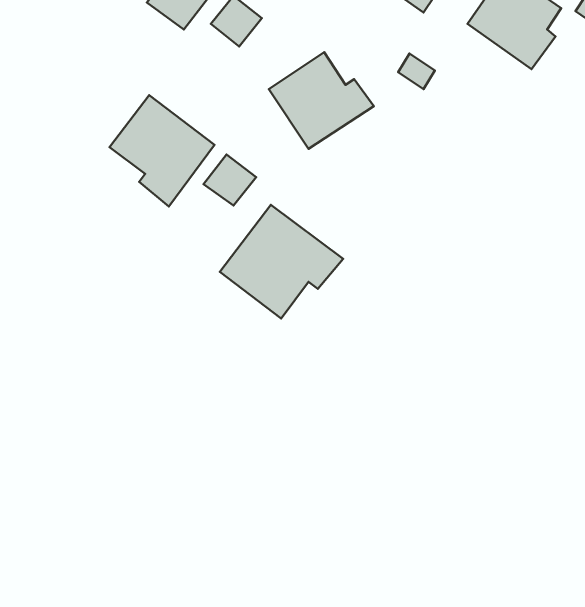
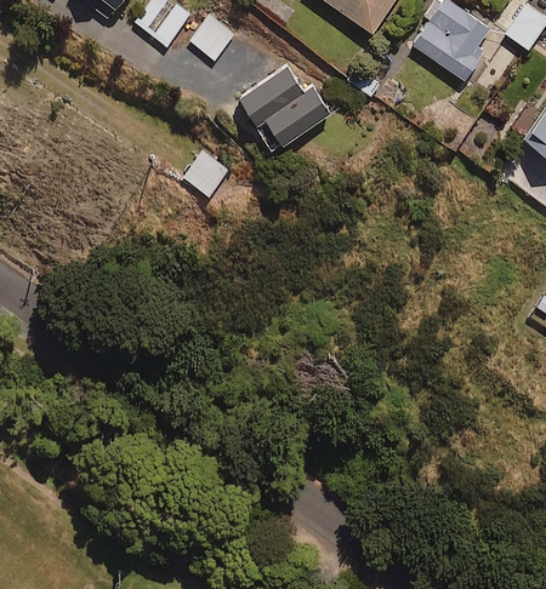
building: [110,95,214,206] -> none
building: [220,205,343,318] -> none

